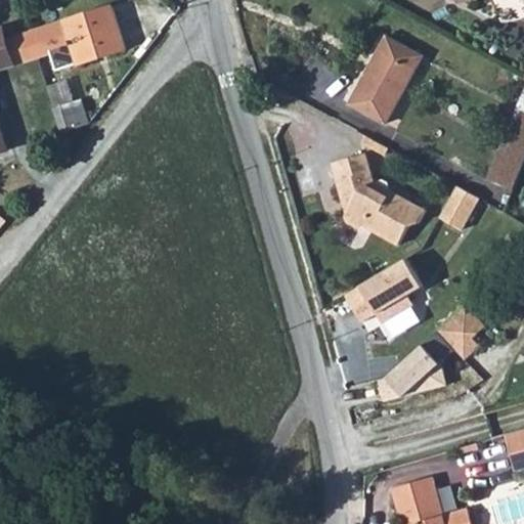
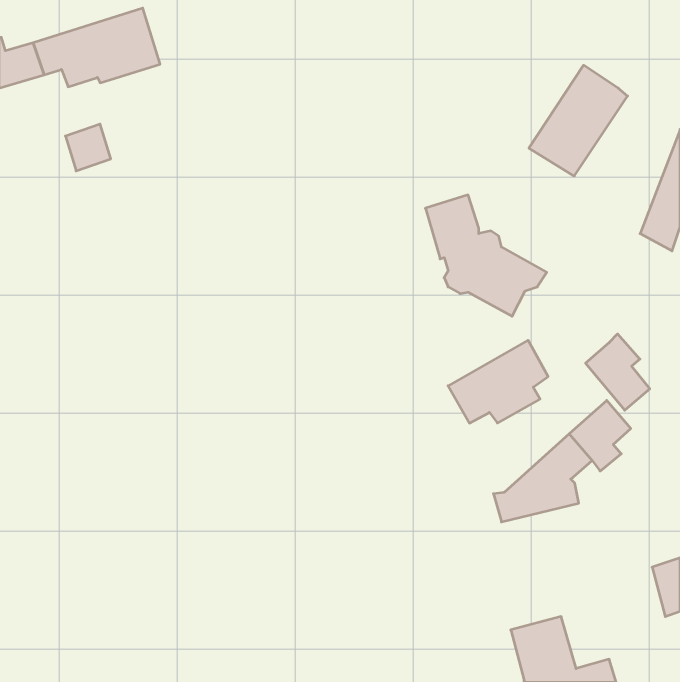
building: [355,40,431,125] -> [529,65,628,176]
building: [438,187,479,232] -> none
building: none -> [586,334,650,410]

